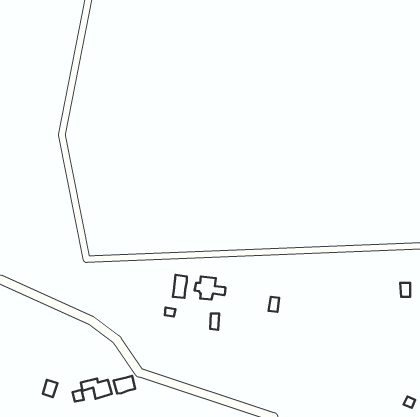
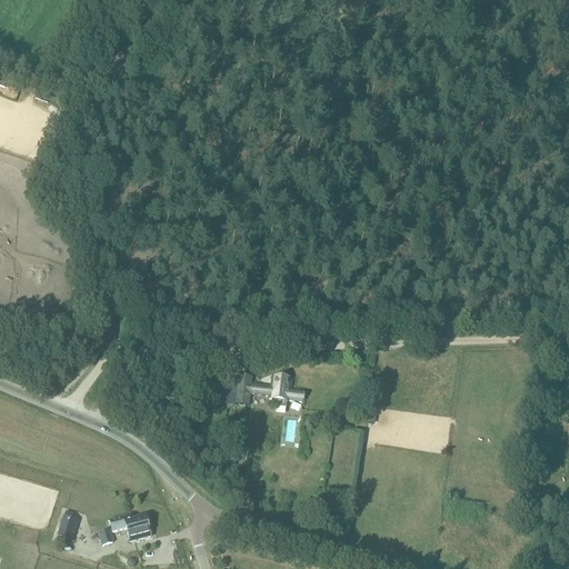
building: [114,376,135,394] -> none

